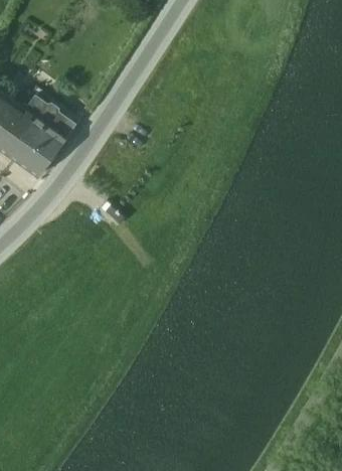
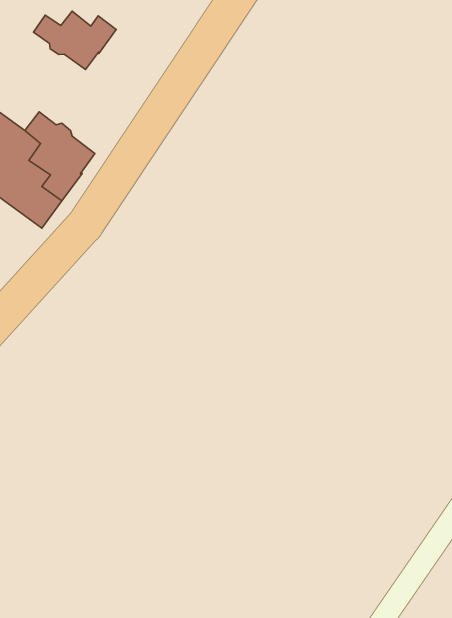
building: none -> [33,11,116,70]

